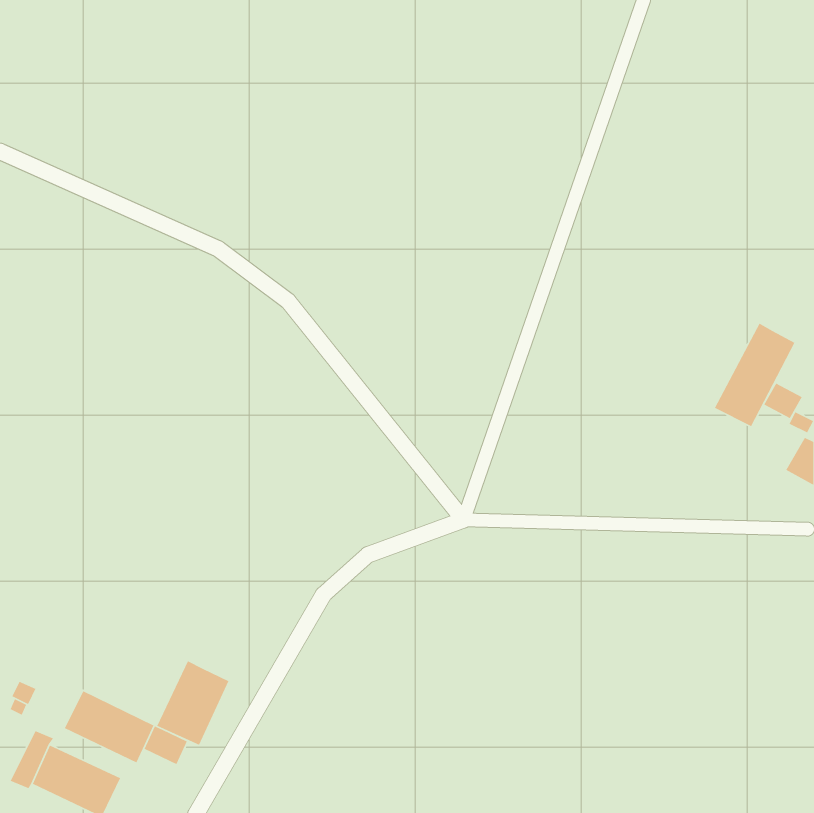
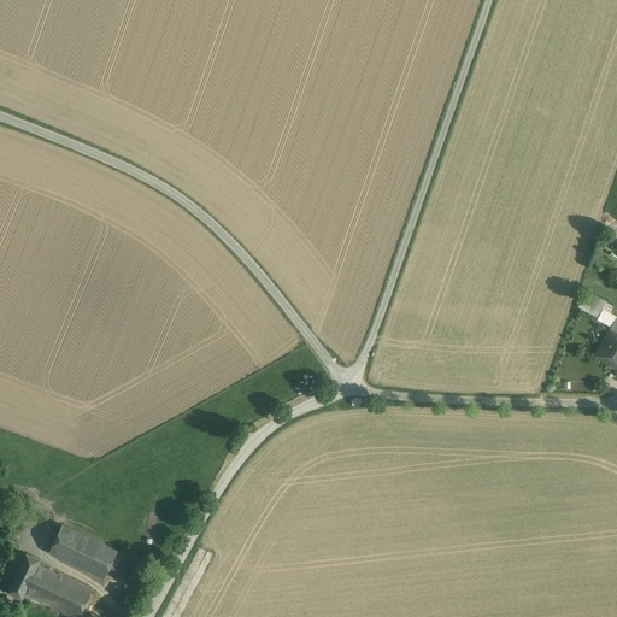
building: [714,322,795,427] -> none
building: [156,660,229,746] -> none

